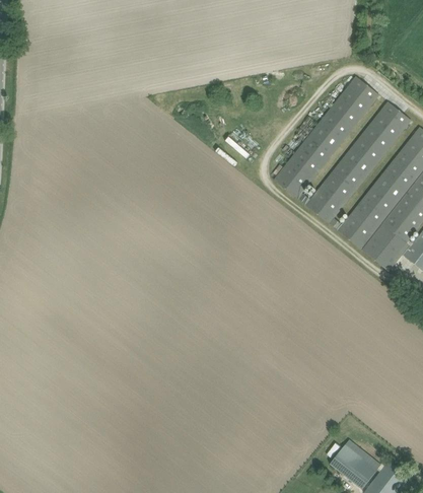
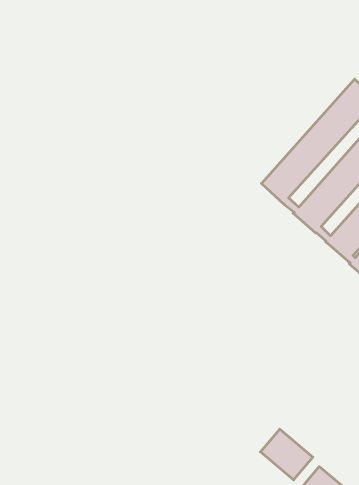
building: none -> [260,429,313,480]

